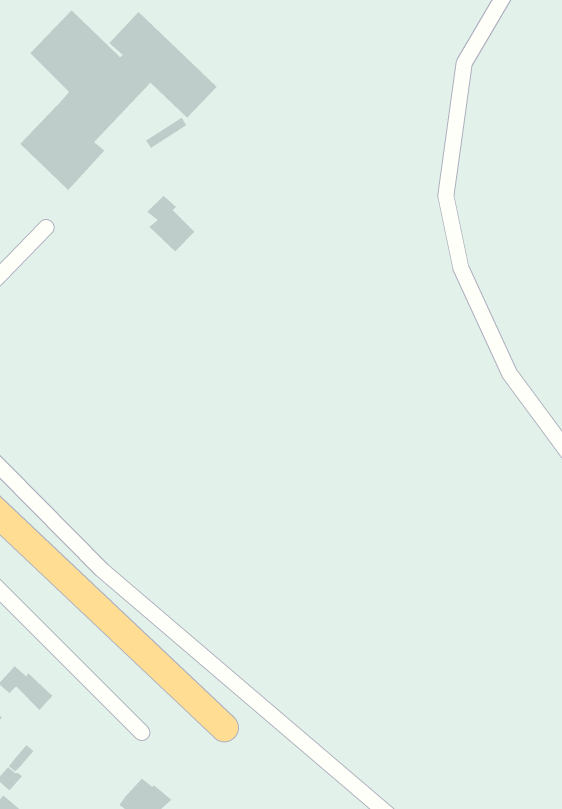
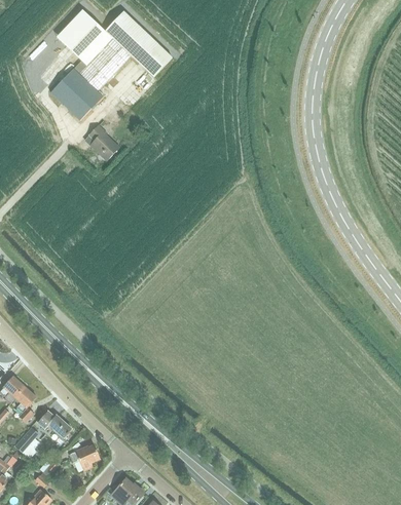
building: [147,195,195,252] -> [87,124,117,159]
building: none -> [69,444,100,470]

